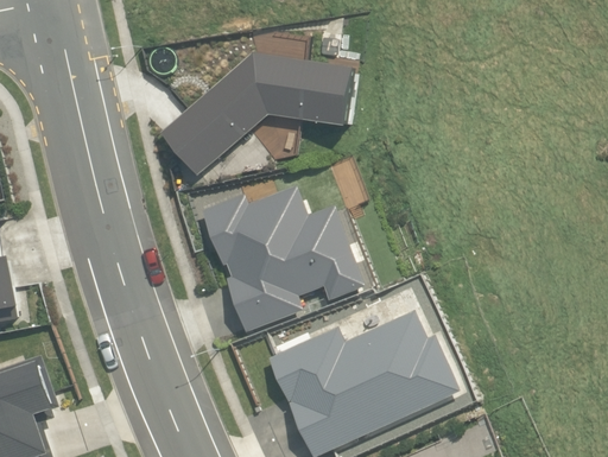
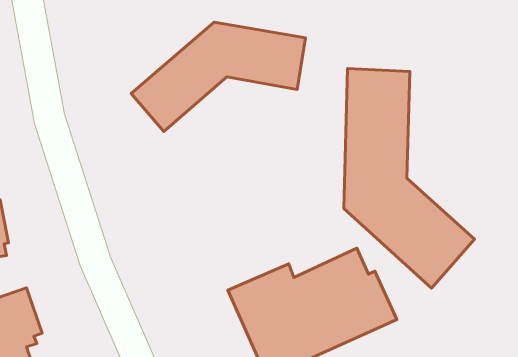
building: none -> [344,69,475,288]
building: [202,188,366,331] -> none

